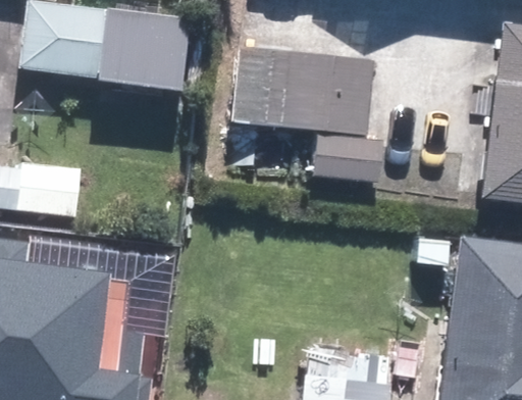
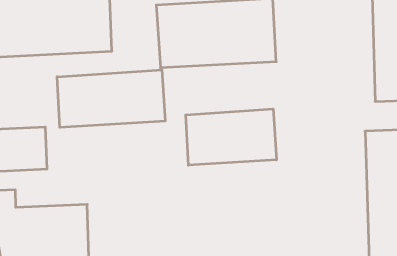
building: none -> [57,70,165,127]
building: none -> [186,109,276,165]

